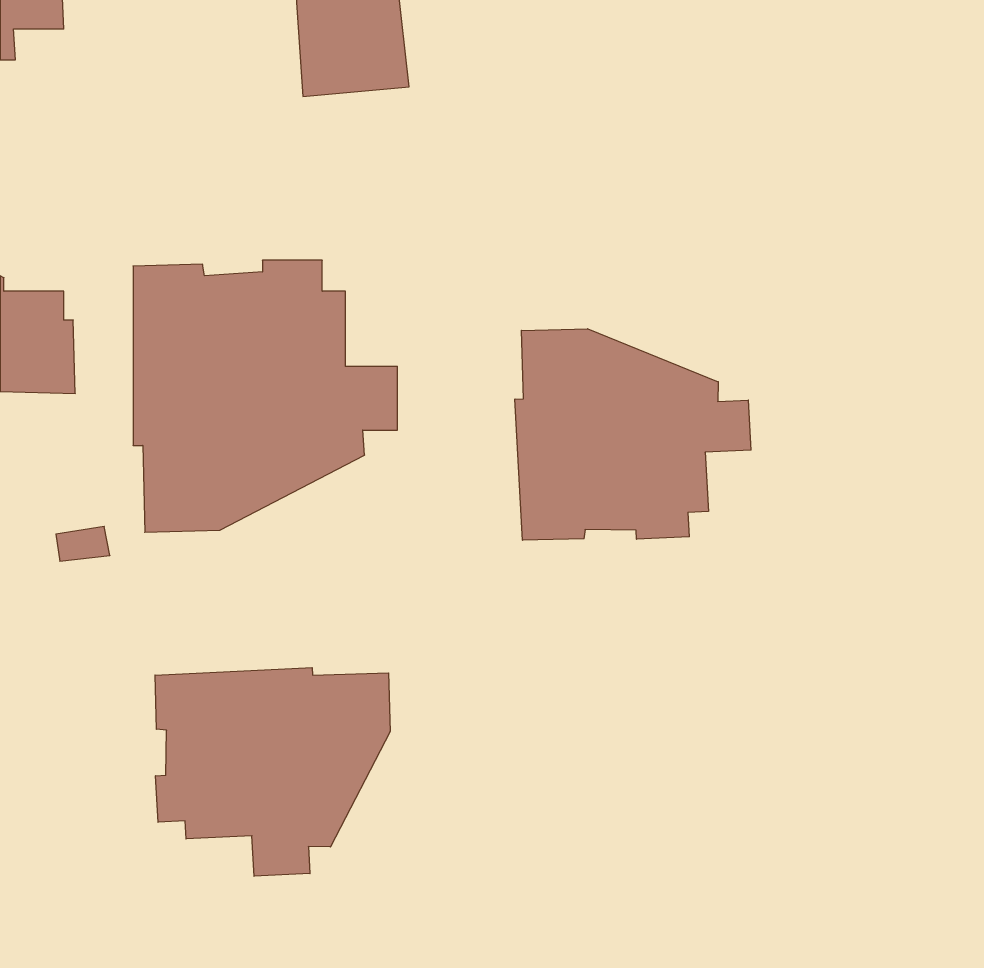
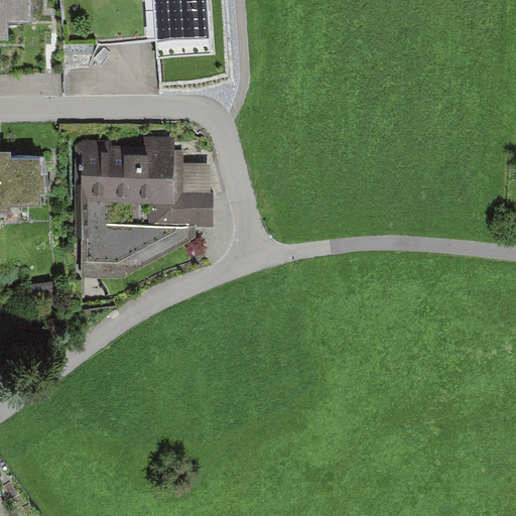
building: [515,329,751,540] -> none
building: [155,668,390,876] -> none

